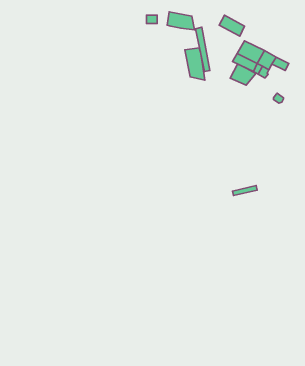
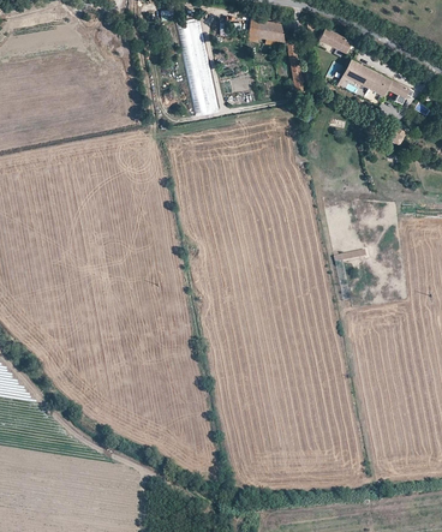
building: [185,48,205,80] -> none
building: [230,64,256,85] -> none

